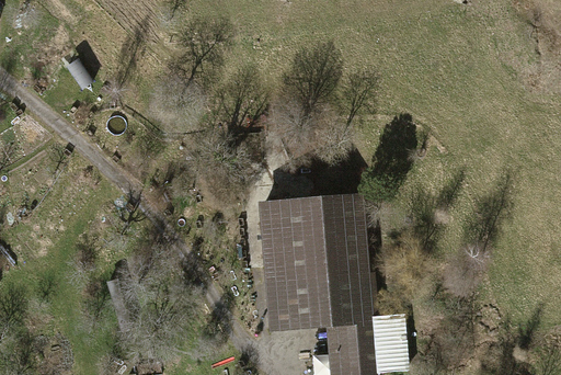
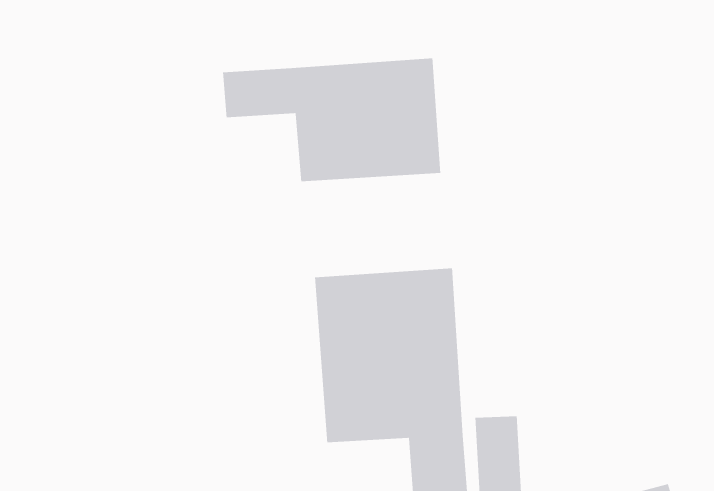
building: none -> [222,57,441,182]

